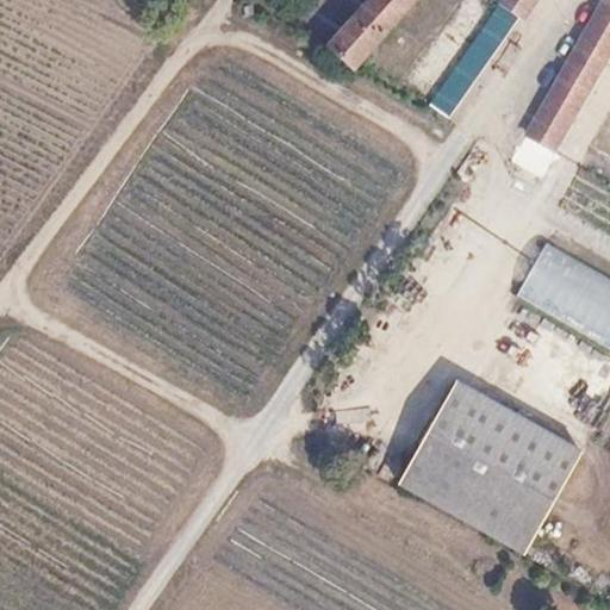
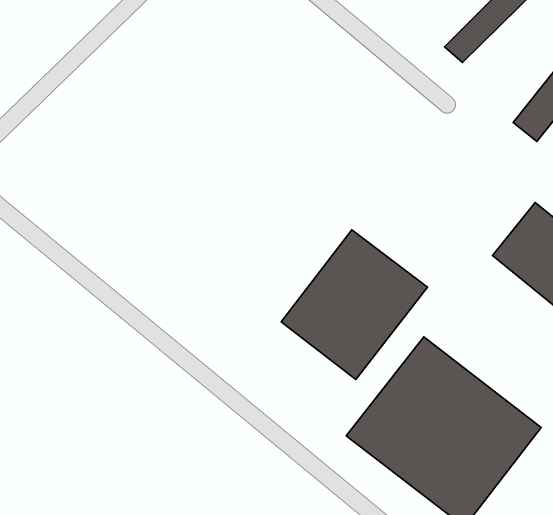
building: none -> [281,230,427,379]

